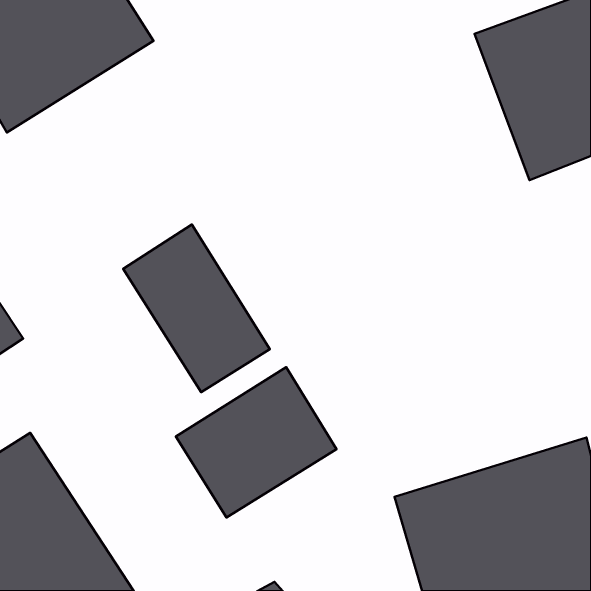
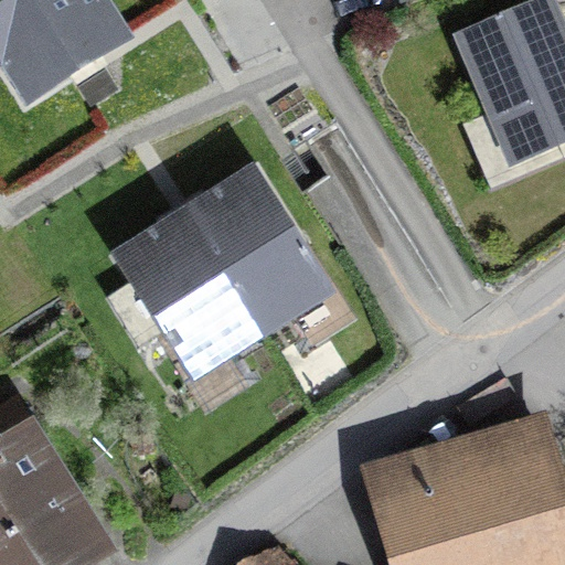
building: none -> [182,172,321,331]
building: [176,367,337,517] -> none

